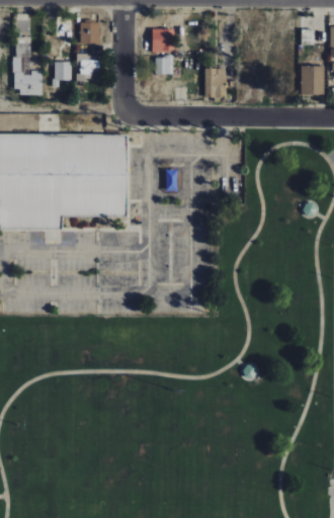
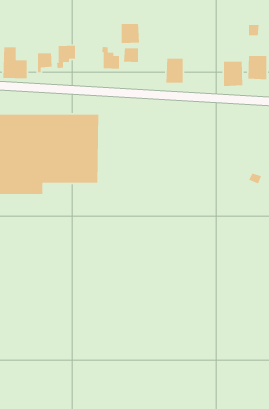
building: [80,22,99,44] -> none
building: none -> [101,46,120,70]
building: none -> [223,61,243,87]

